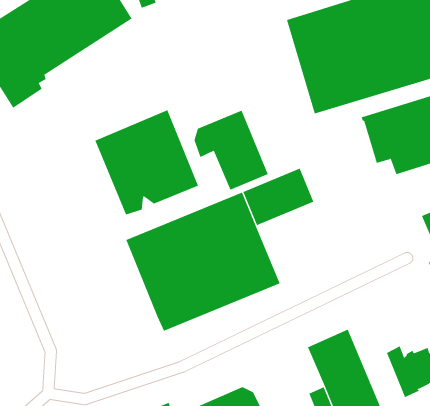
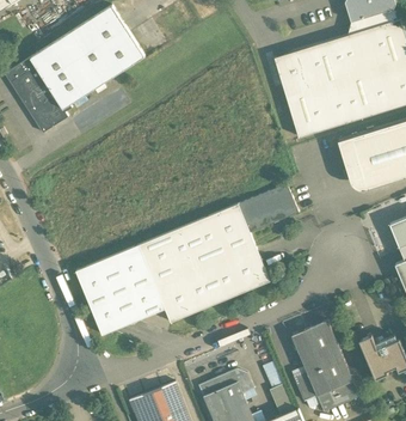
building: [95,110,199,215] -> [76,244,165,334]
building: [194,110,269,191] -> none

